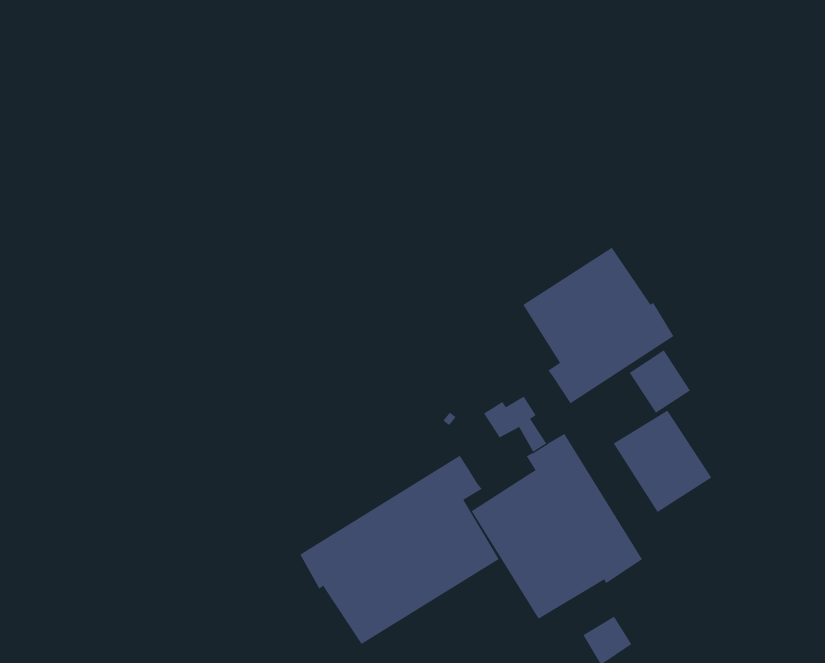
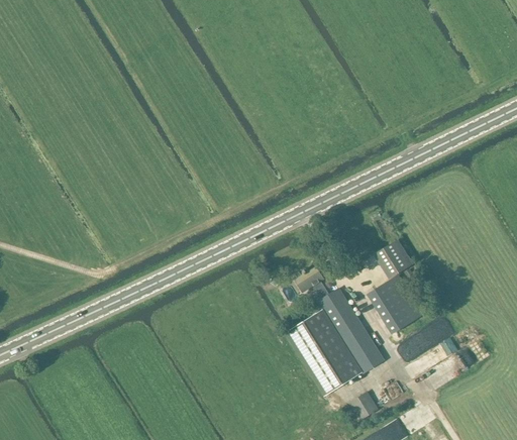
building: [522,247,674,404] -> none
building: [299,455,500,645] -> none

